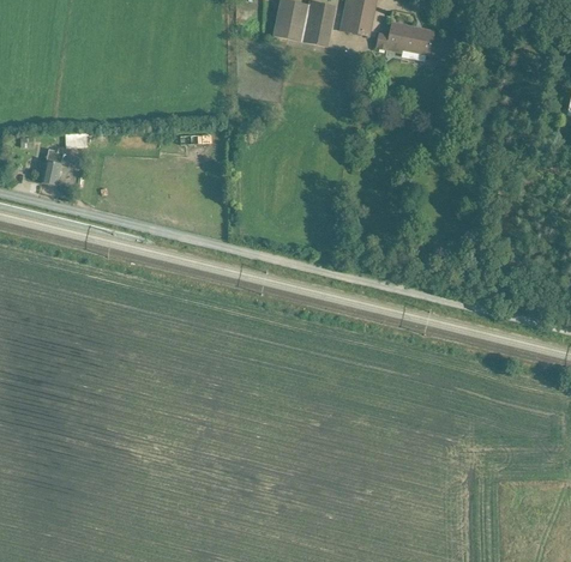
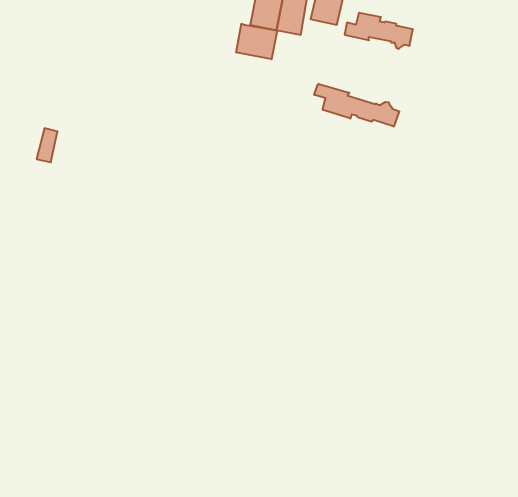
building: none -> [236,24,277,59]
building: none -> [314,84,399,127]

